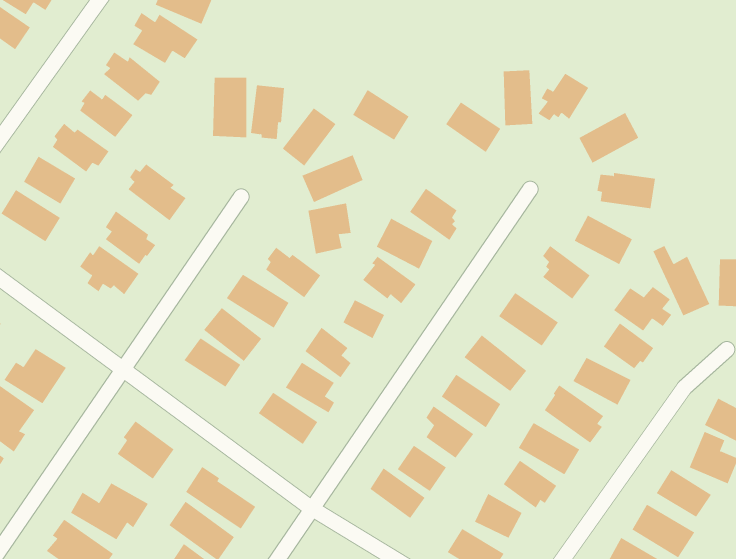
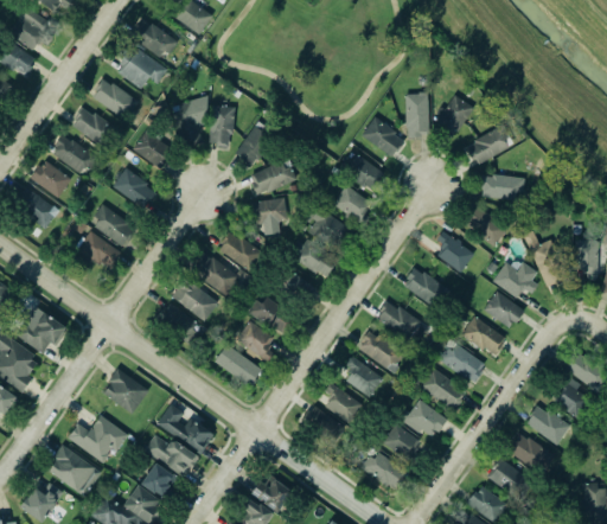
building: [352,89,410,141] -> [340,152,385,192]
building: none -> [132,130,172,168]

